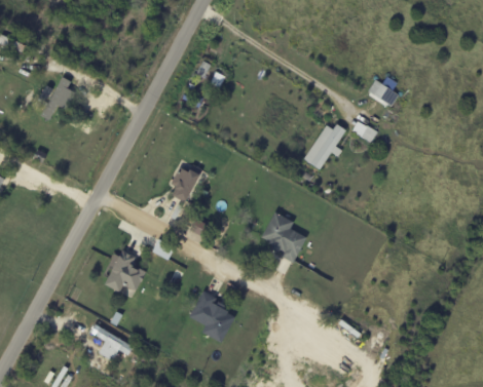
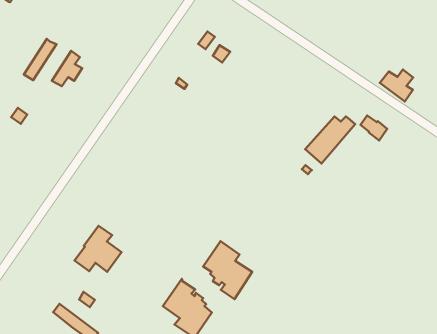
building: none -> [52,51,82,86]
building: [170,165,202,202] -> none
building: [261,211,306,263] -> [203,241,252,299]

